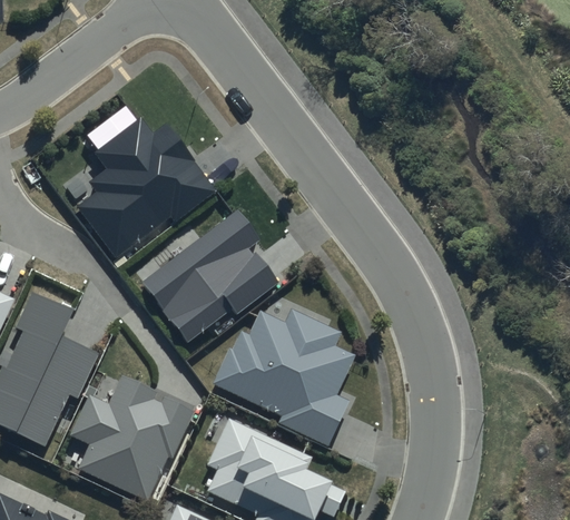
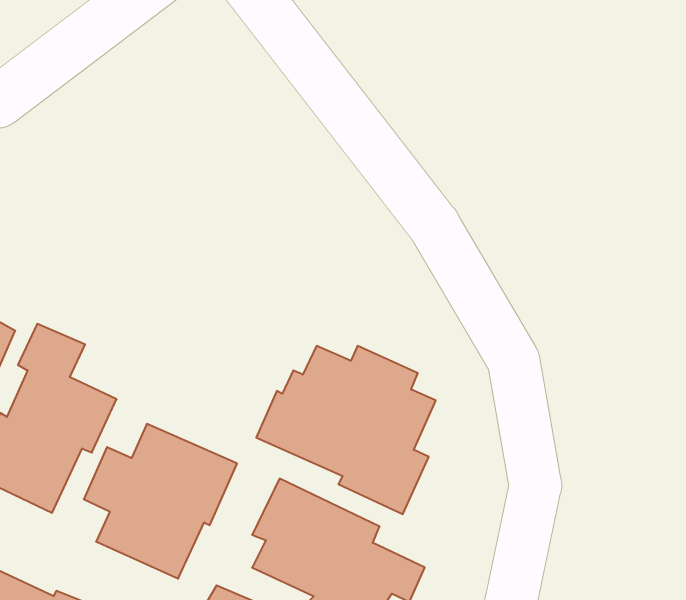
building: [75,116,219,259] -> none
building: [139,207,275,344] -> none

